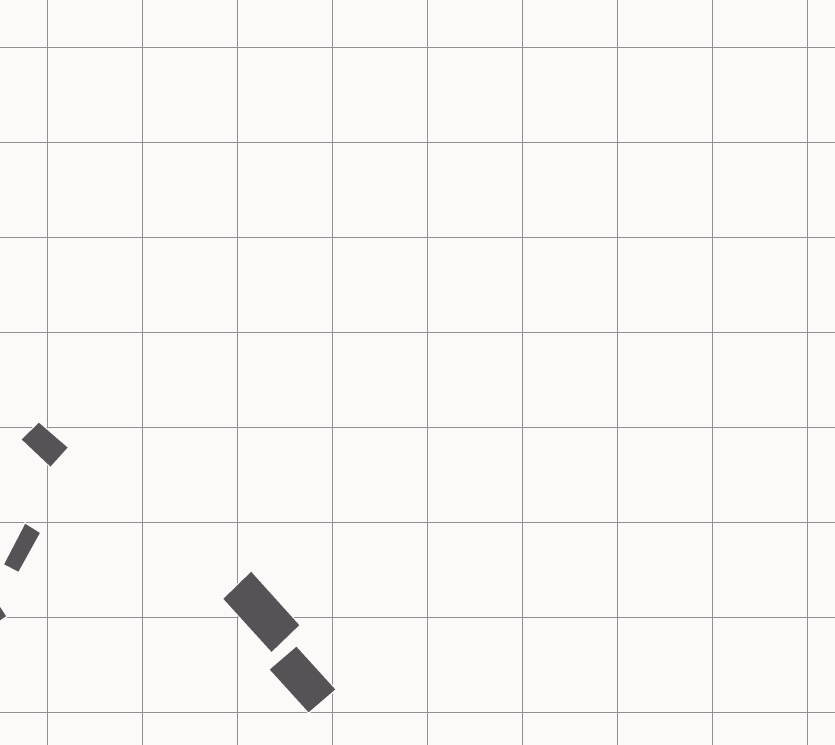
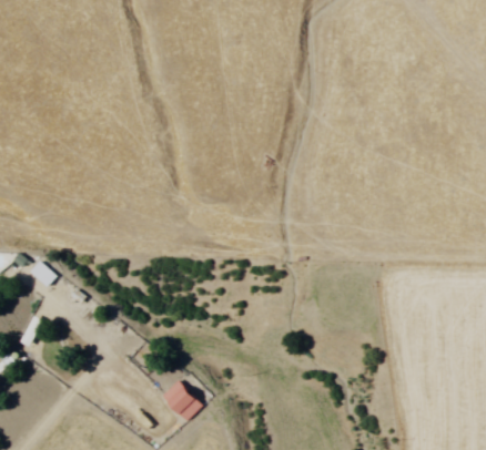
building: [222,571,300,653] -> none

